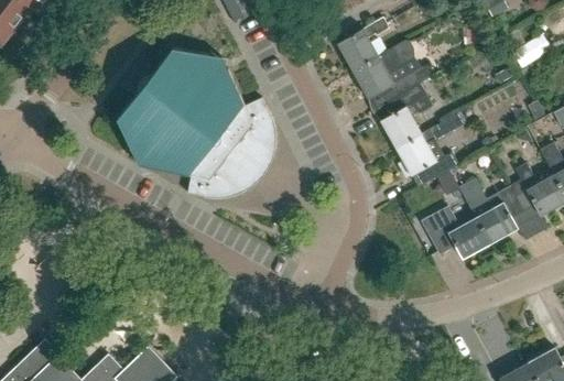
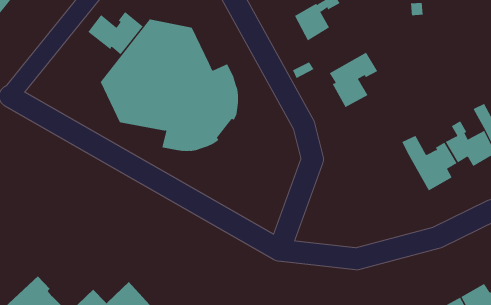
building: none -> [88,11,143,55]
building: [352,42,430,109] -> none
building: [395,113,465,186] -> none
building: [421,207,490,259] -> none

